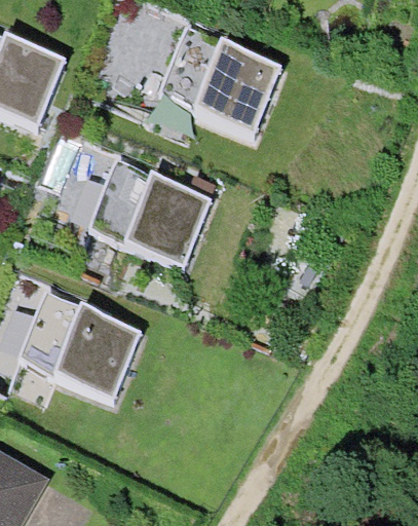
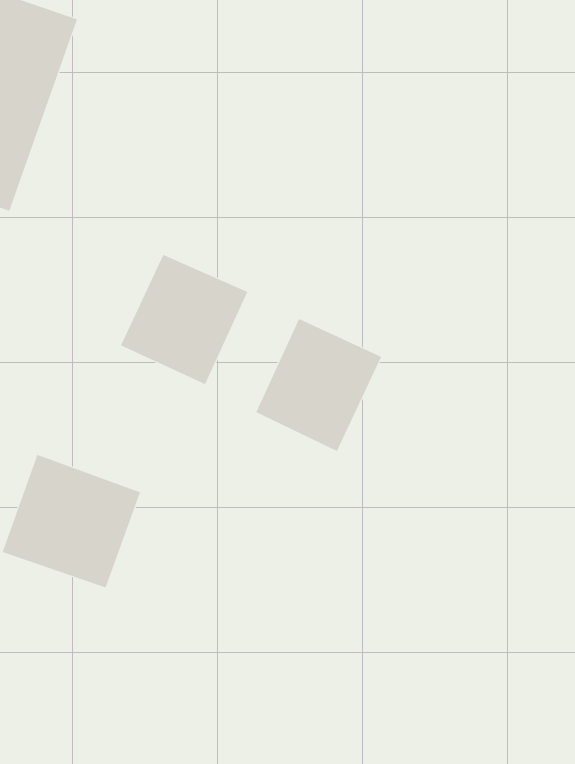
building: [183,41,270,125] -> none
building: none -> [255,318,382,452]

